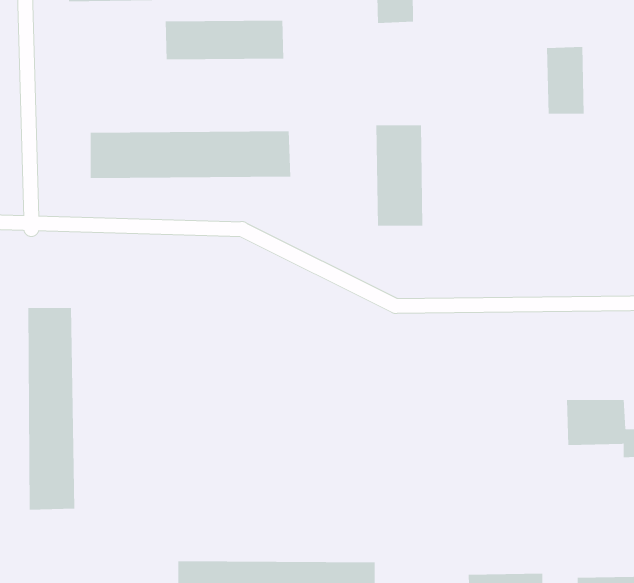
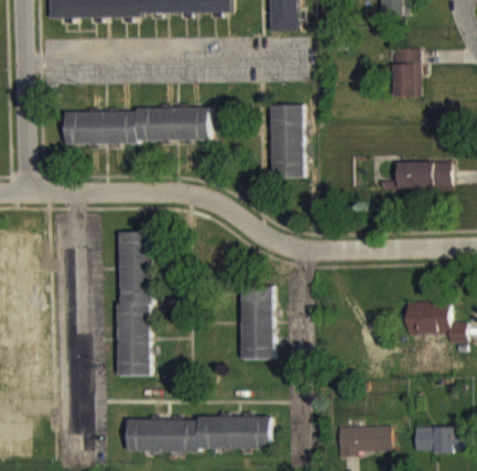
building: [165,20,284,60] -> none
building: none -> [397,162,448,188]
building: [27,308,75,510] -> [118,231,152,376]
building: none -> [240,288,273,360]

